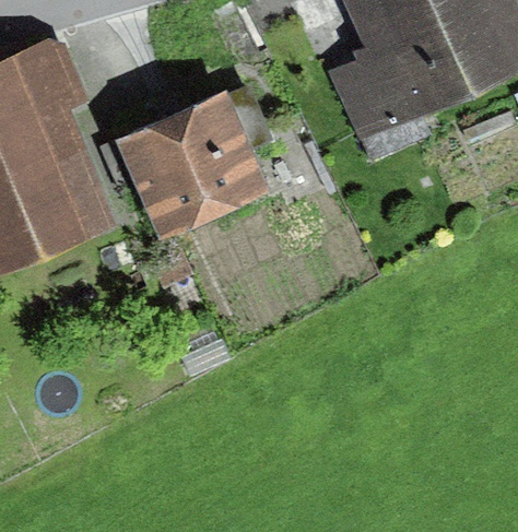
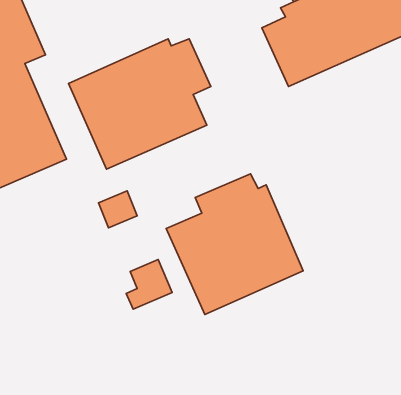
building: none -> [166,174,303,314]

